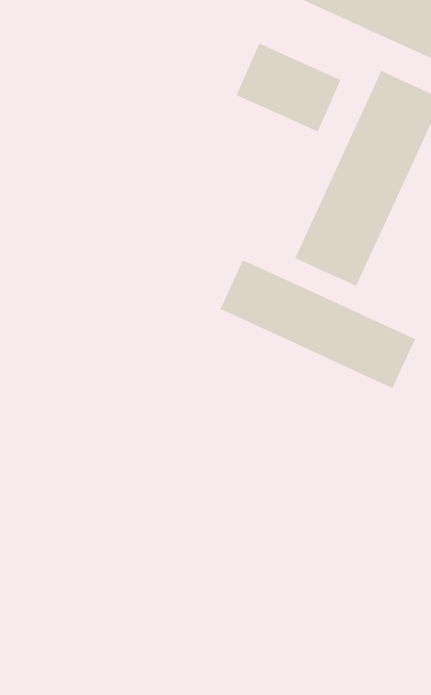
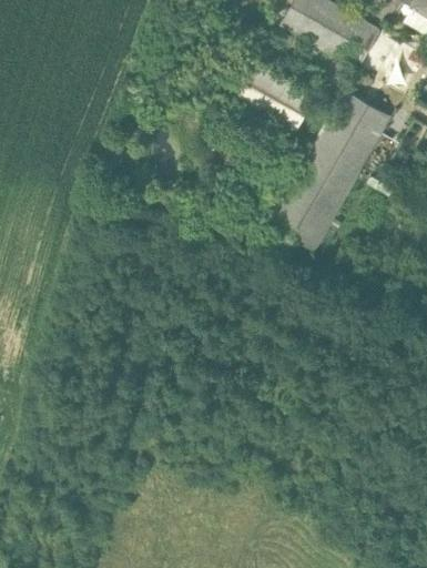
building: [219,259,416,389] -> none

